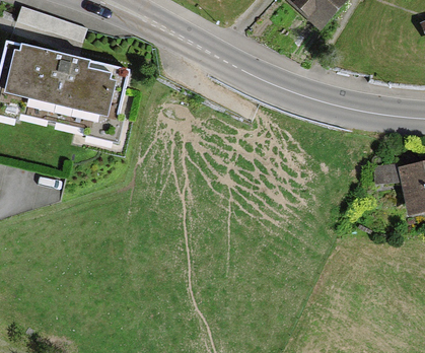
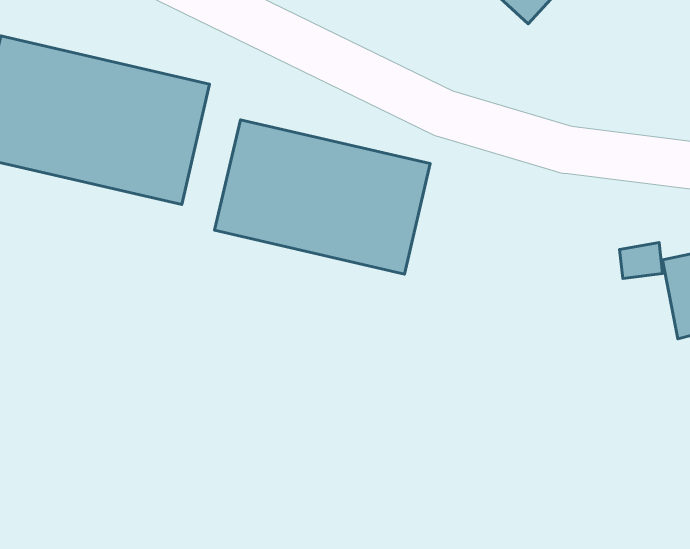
building: none -> [215,120,430,274]

